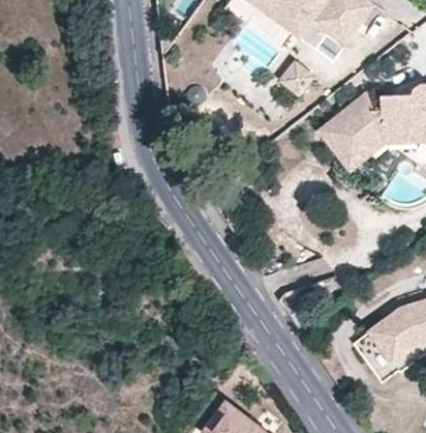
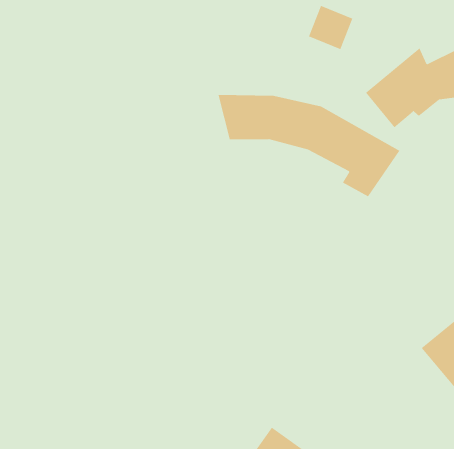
building: none -> [218,94,400,197]

